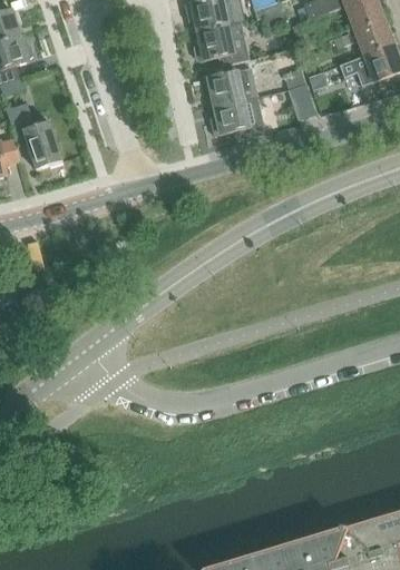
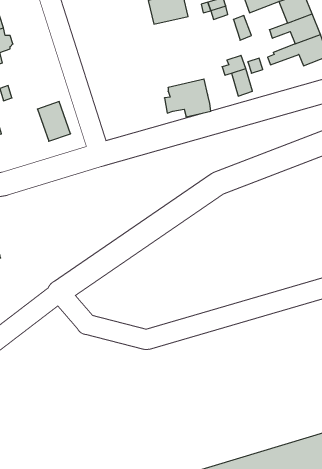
building: [194,22,247,63] -> none
building: [207,68,256,106] -> none
building: [22,121,61,168] -> [37,102,71,141]

